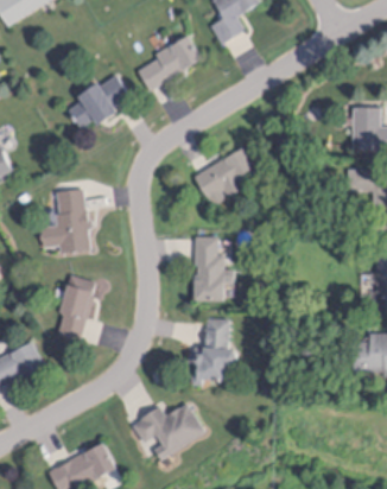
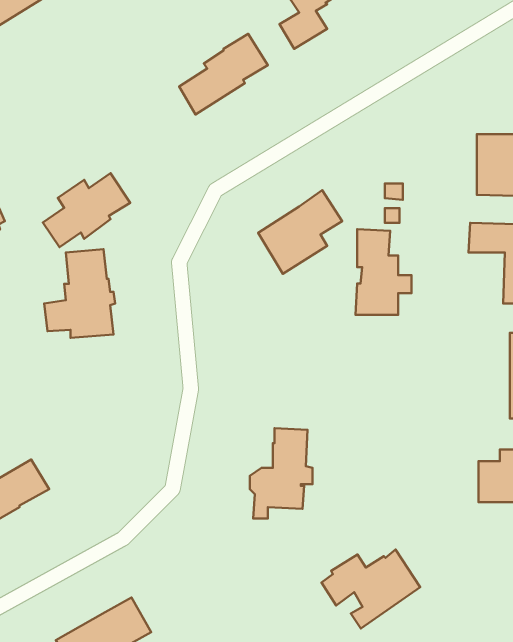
building: [68,75,131,128] -> [43,173,130,247]
building: [194,236,234,298] -> [356,229,411,315]
building: [57,275,95,342] -> none
building: [134,401,205,458] -> [321,549,420,628]

